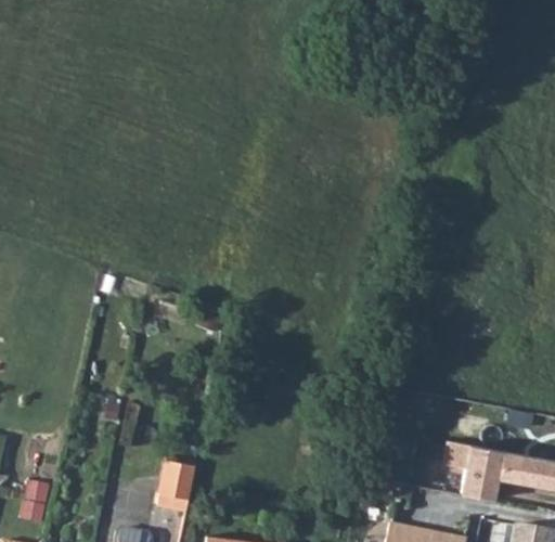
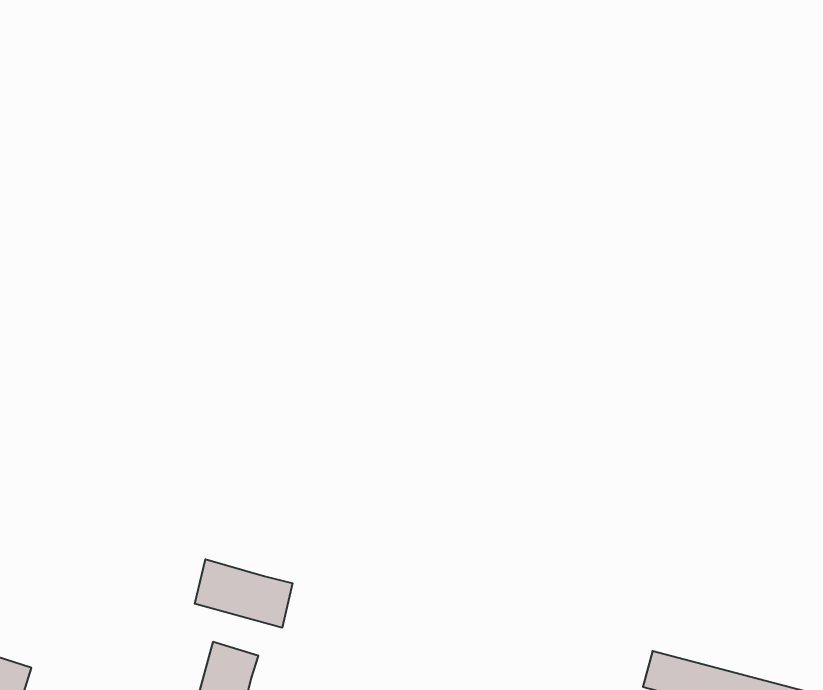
building: none -> [195,559,293,628]

